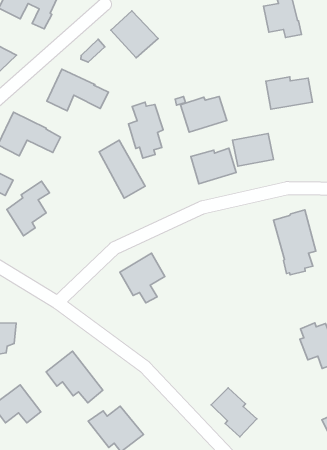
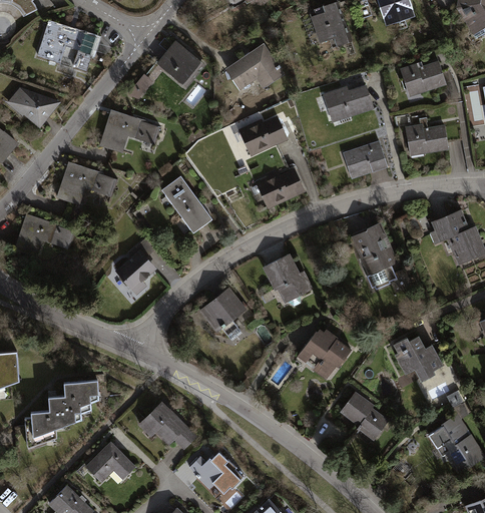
building: none -> [224,43,284,91]
building: [128,102,163,158] -> none
building: [232,133,274,166] -> [343,141,388,179]
building: [7,181,50,236] -> [114,237,156,297]
building: none -> [262,253,313,304]
building: none -> [297,330,352,381]
building: [211,388,257,437] -> [340,392,389,441]

